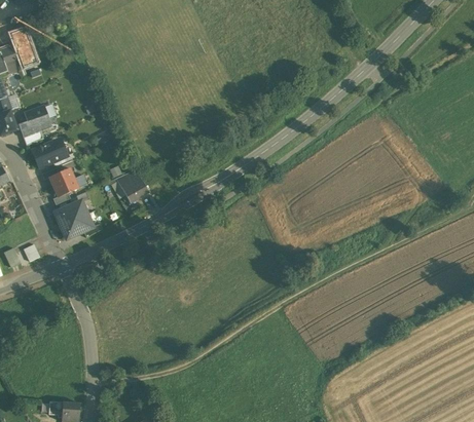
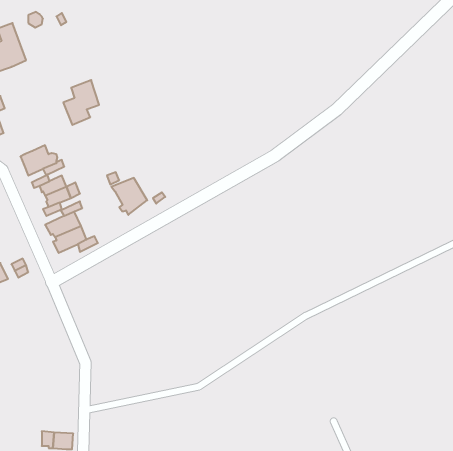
building: [19,104,51,145] -> [63,80,99,125]

